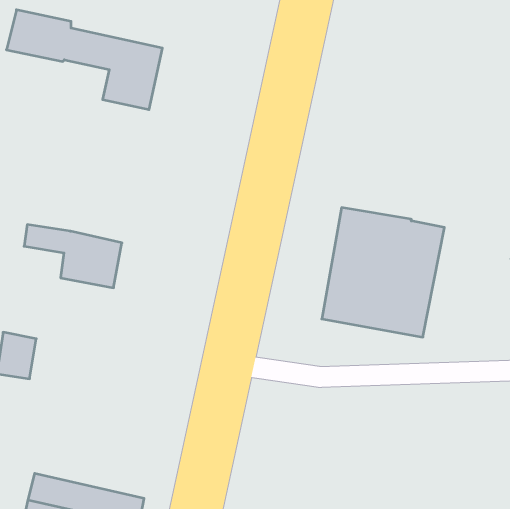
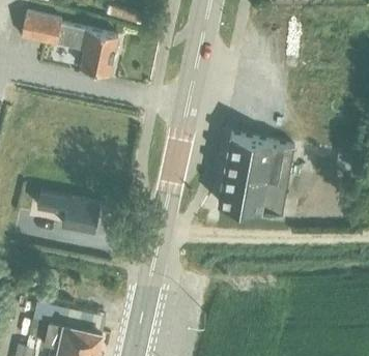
building: [24,225,122,288] -> [38,192,100,232]

